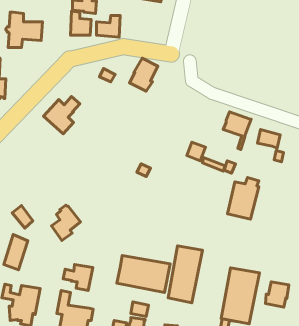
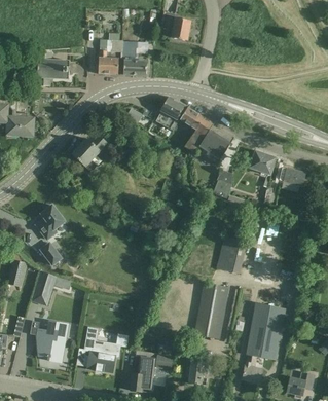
building: none -> [180,107,229,162]
building: [228,178,259,219] -> [216,232,247,274]
building: [51,205,81,240] -> [36,205,65,240]
building: [117,256,170,293] -> none
building: [63,265,93,291] -> none
building: [266,282,289,307] -> none

